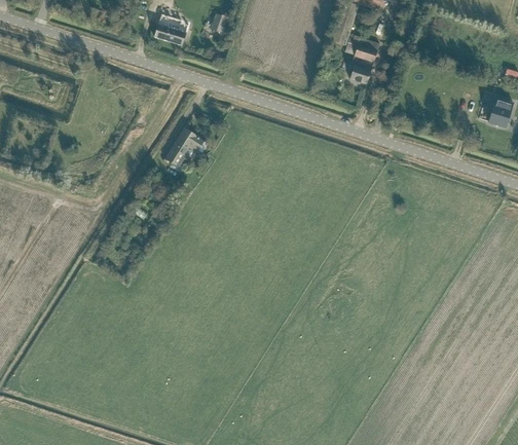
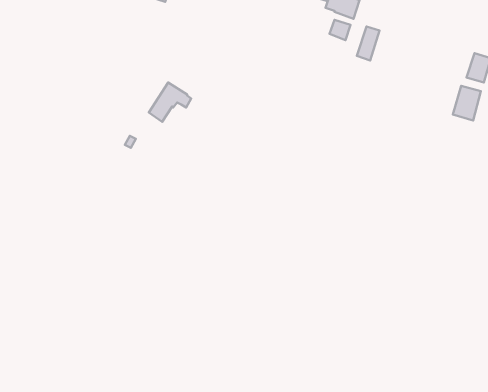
building: none -> [357,27,380,60]
building: none -> [453,86,481,121]

